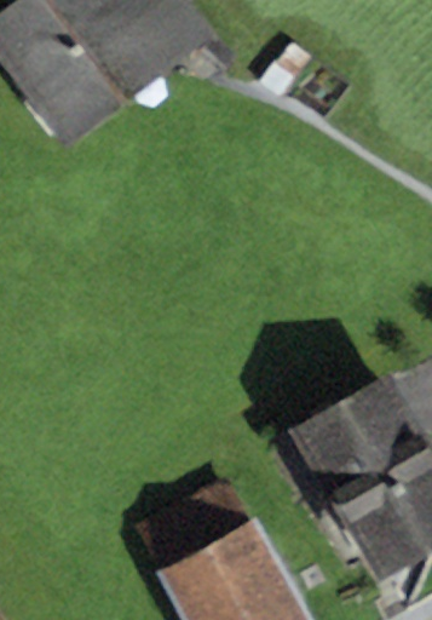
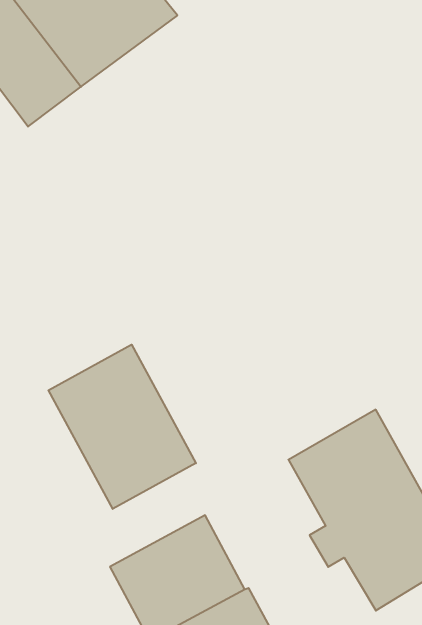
building: none -> [48,345,196,509]

